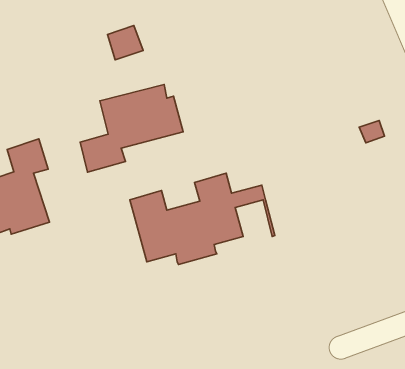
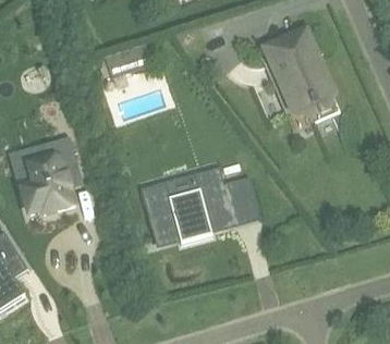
building: none -> [266,32,338,128]
building: [80,84,183,172] -> none

